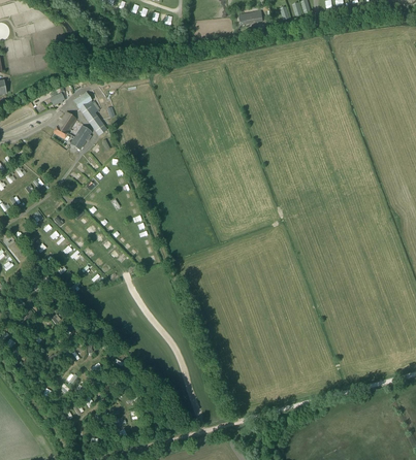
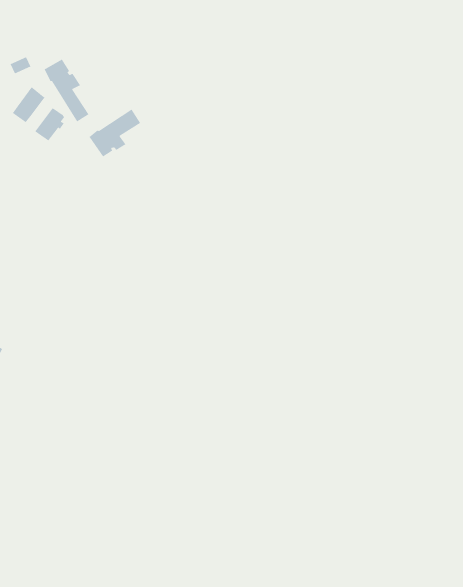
building: none -> [88,108,141,157]

